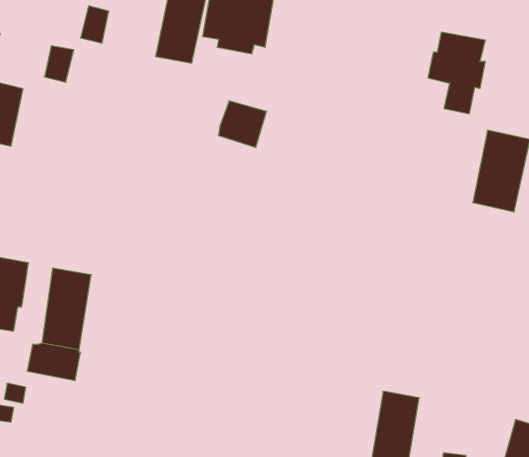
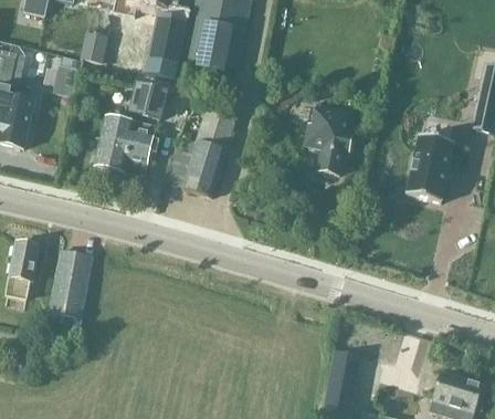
building: [428,32,485,114] -> [304,103,351,170]
building: none -> [130,78,169,117]
building: none -> [94,112,156,172]
building: none -> [172,134,224,193]

